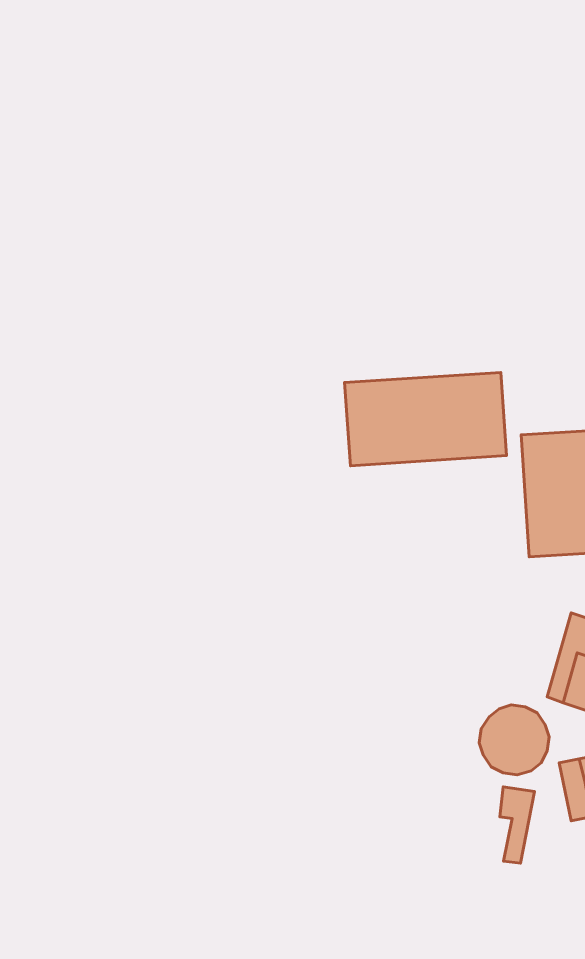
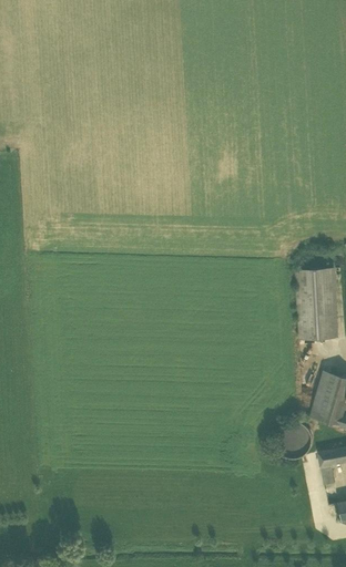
building: [345,372,507,466] -> none
building: [500,787,534,863] -> none

